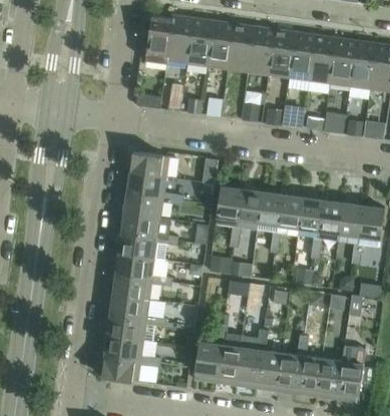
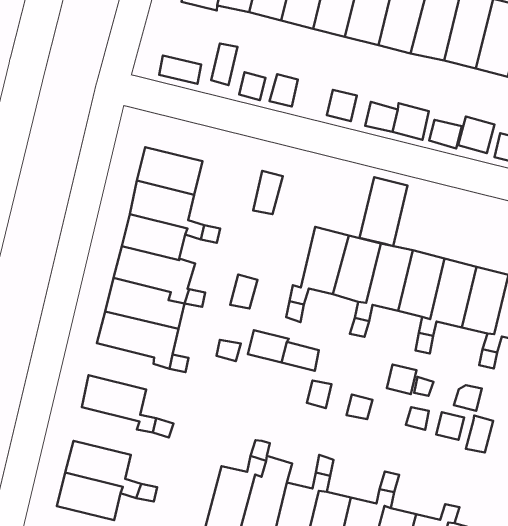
building: [216,186,242,228] -> [360,177,408,246]
building: [112,275,151,300] -> none
building: [107,315,146,341] -> none

